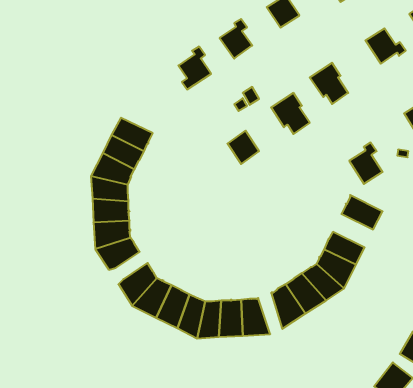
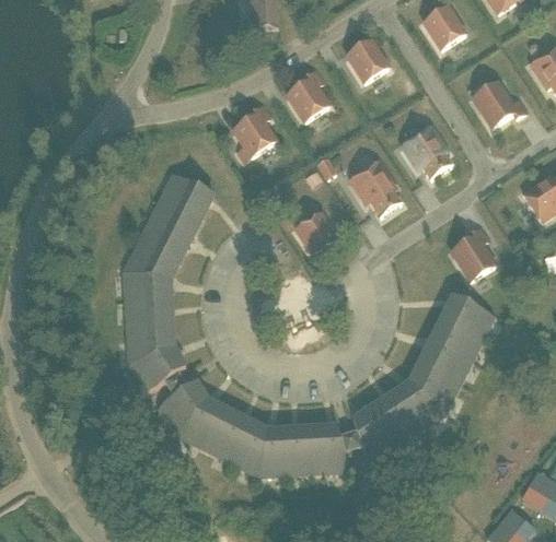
building: none -> [161,172,213,214]
building: none -> [431,317,483,360]

